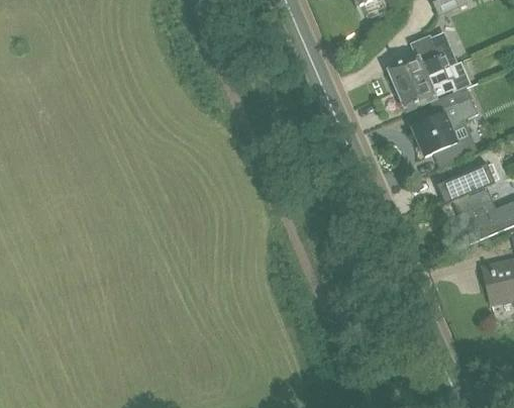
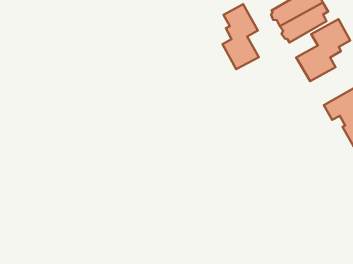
building: none -> [222,4,259,69]

